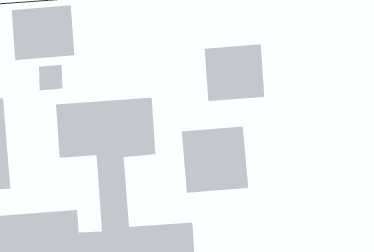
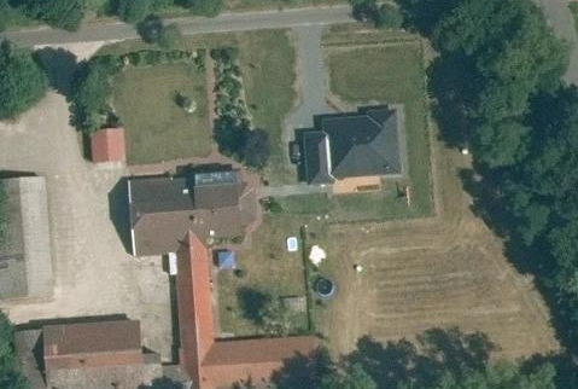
building: [11,5,75,61] -> none
building: [181,126,249,193] -> none

